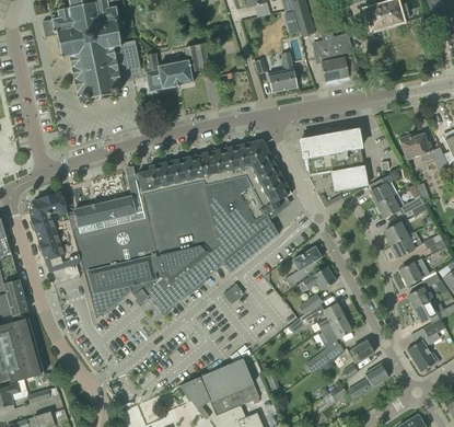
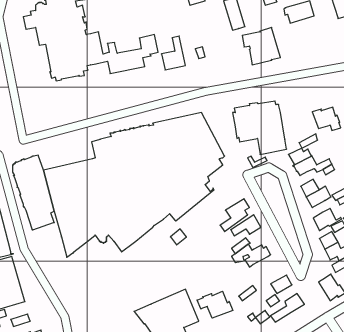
building: [267,51,296,93] -> [161,36,185,70]
building: [321,318,351,351] -> none
building: none -> [197,291,233,318]

